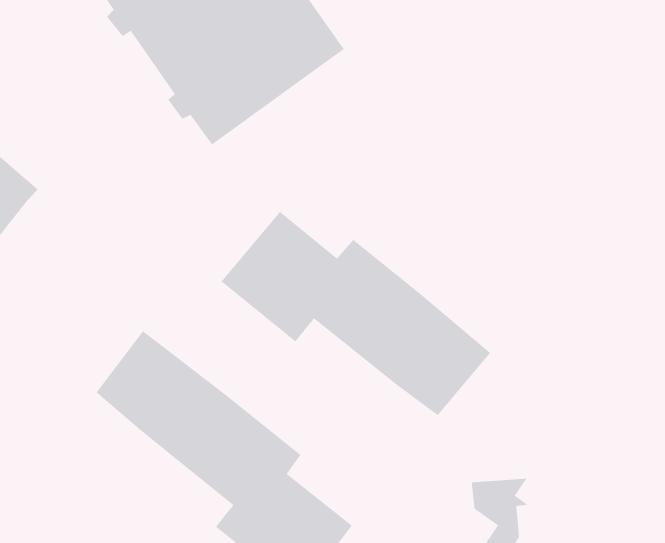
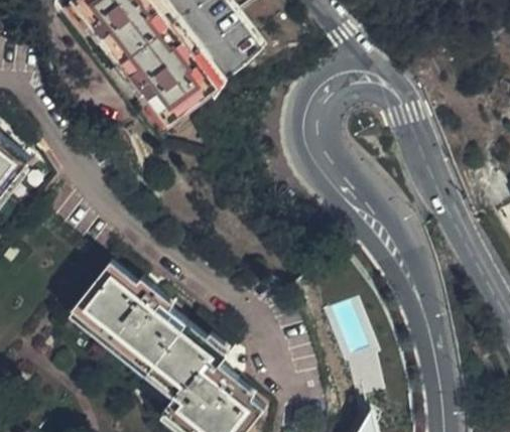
building: [221,211,491,416] -> none

